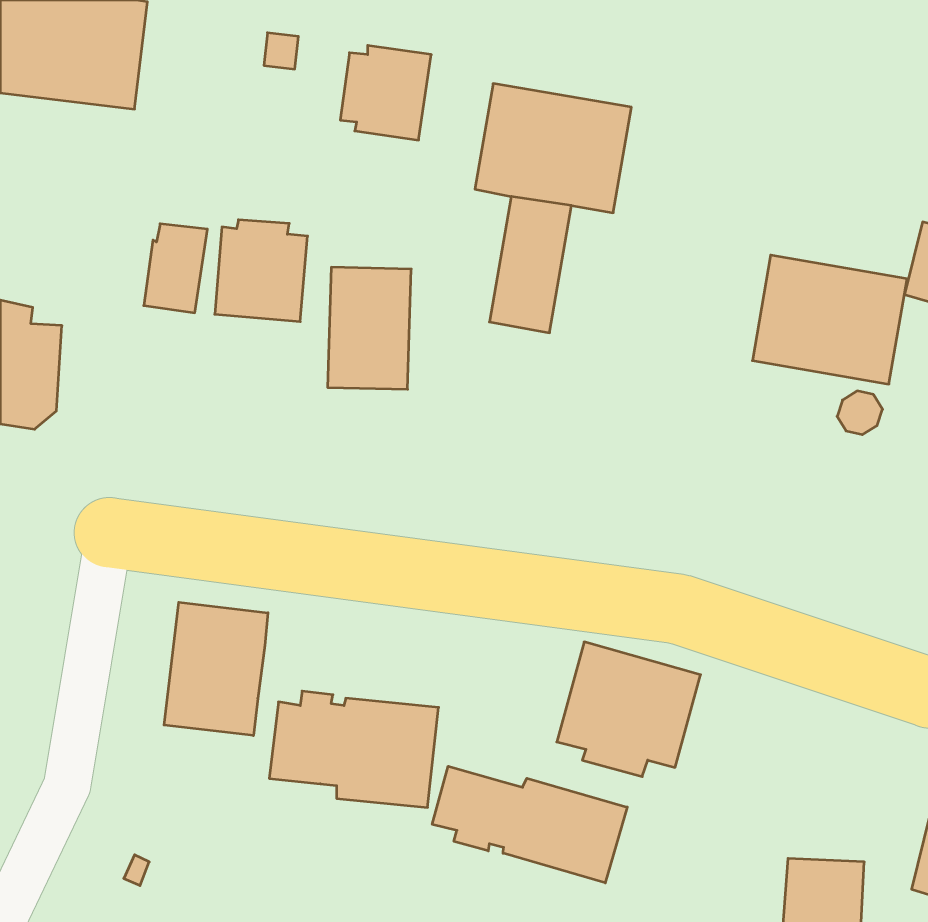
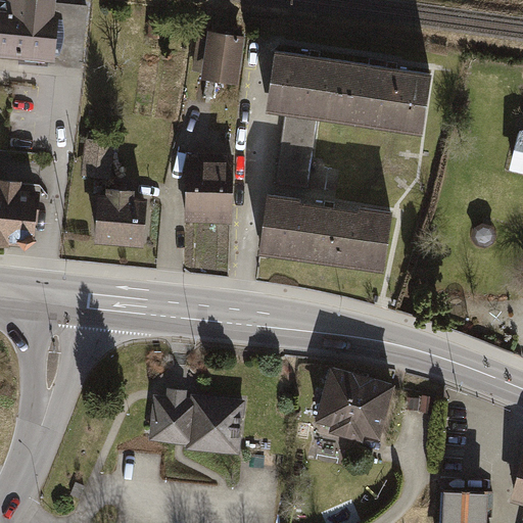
building: [215,220,308,322] -> [93,188,145,245]
building: [752,255,907,384] -> [345,64,432,137]
building: none -> [256,193,391,267]
building: [164,602,268,736] -> none
building: [432,766,627,883] -> none

